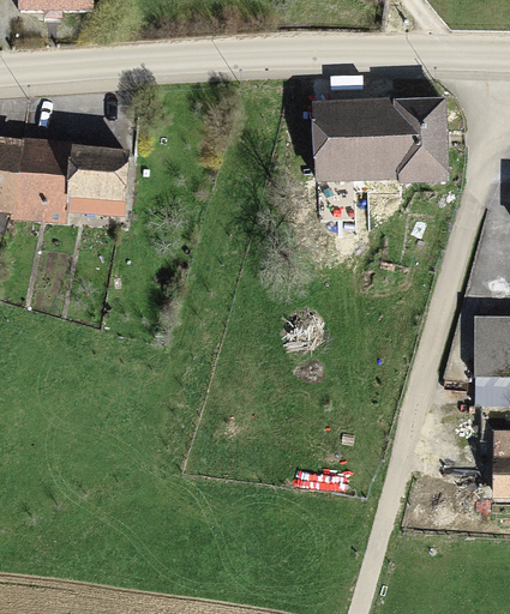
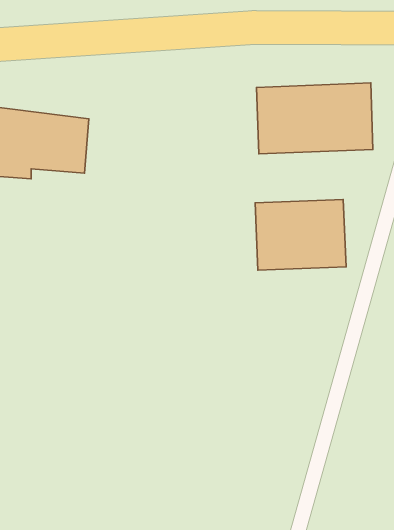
building: none -> [255,199,346,270]

